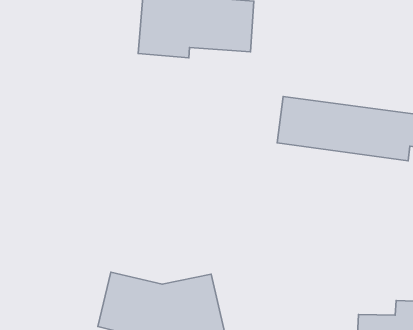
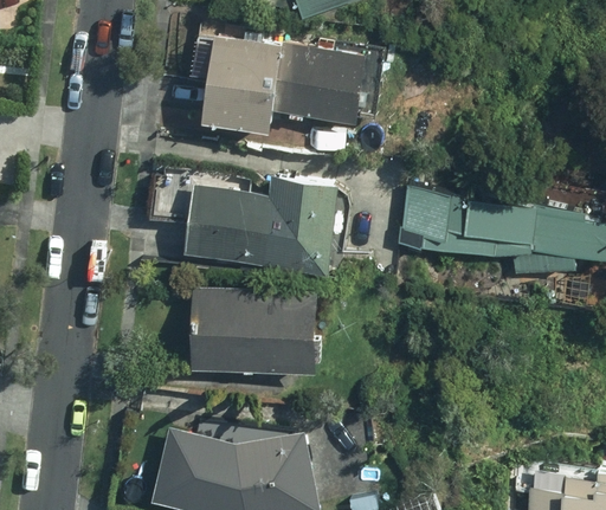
building: none -> [182,176,339,272]
building: none -> [188,285,325,379]

